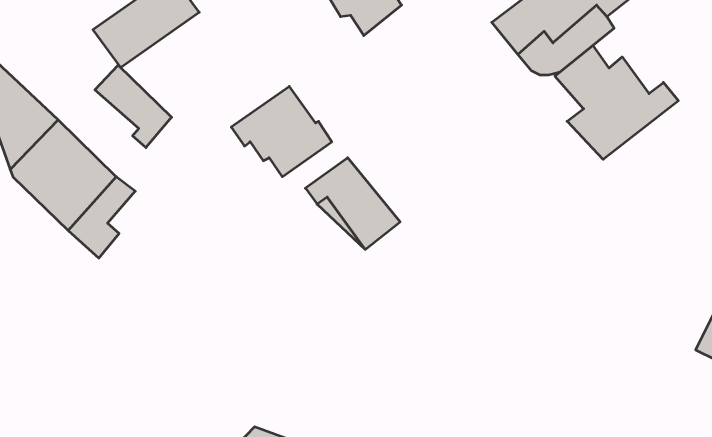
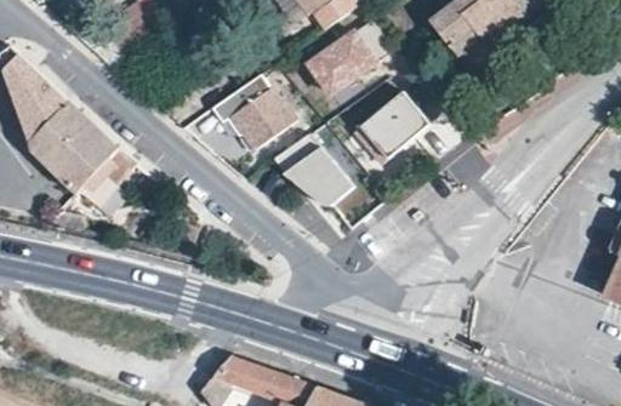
building: none -> [309,21,393,93]
building: [555,45,678,159] -> none
building: [95,65,172,148] -> none
building: none -> [354,90,428,161]

